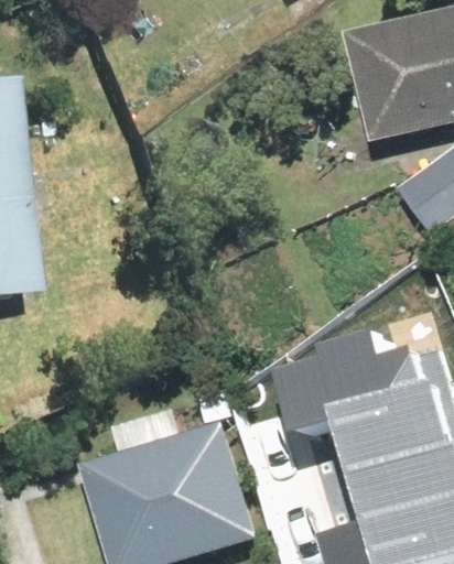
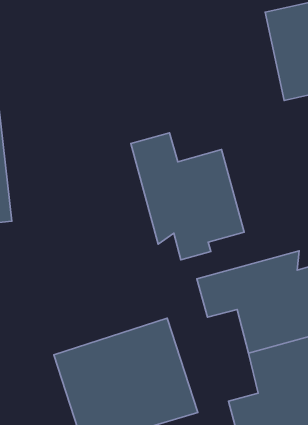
building: none -> [131,133,244,260]

